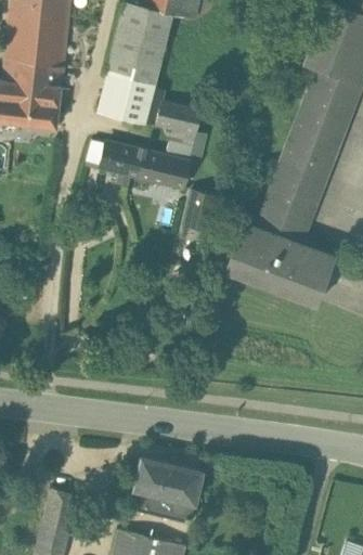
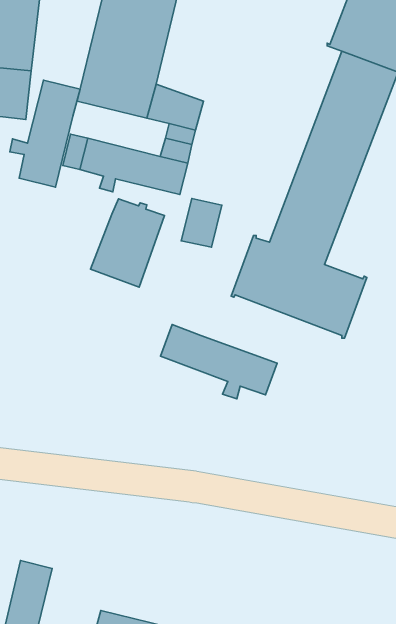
building: none -> [10,80,80,187]
building: none -> [90,199,165,287]
building: none -> [160,324,277,399]
building: [133,457,202,525] -> none

